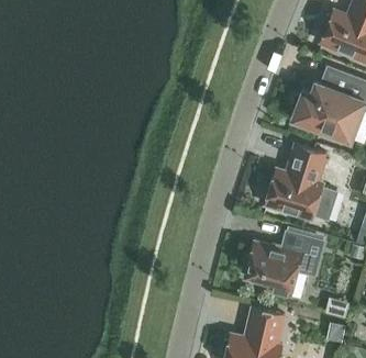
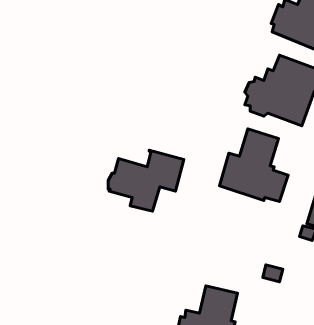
building: [243,232,322,295] -> [108,150,184,211]

